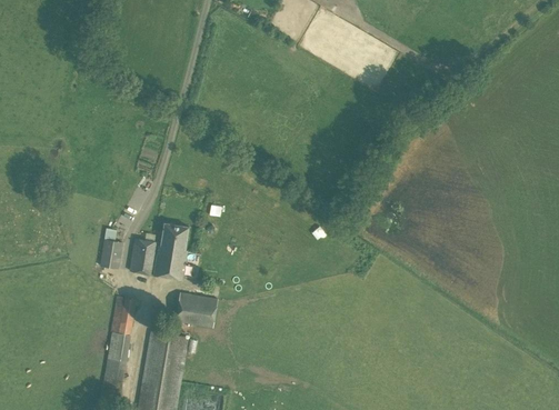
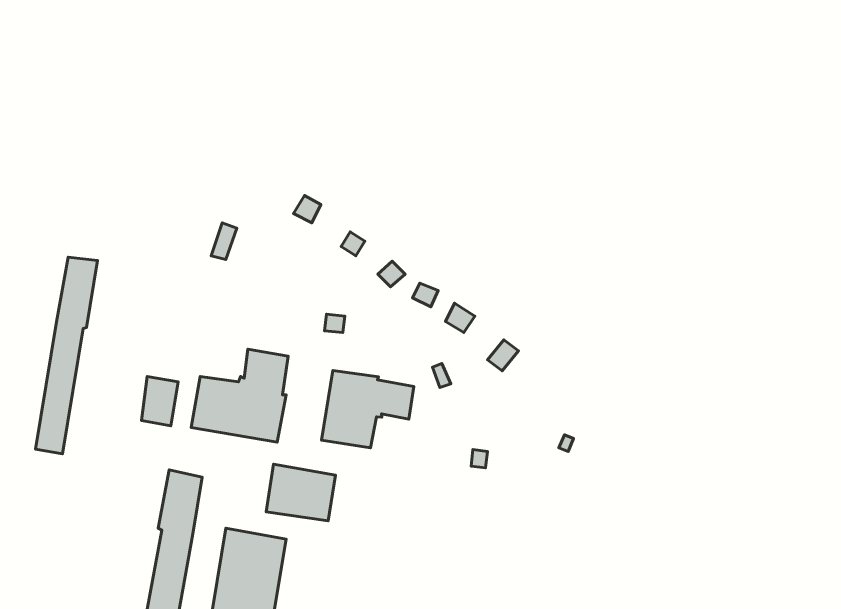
building: none -> [35,257,97,454]
building: none -> [321,370,414,448]

